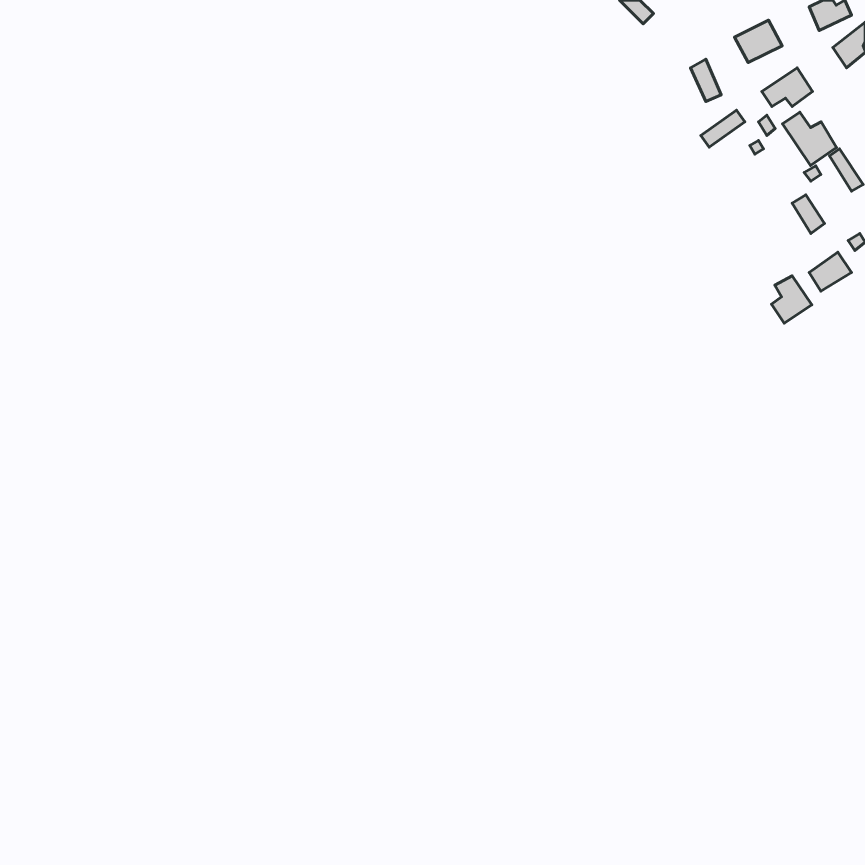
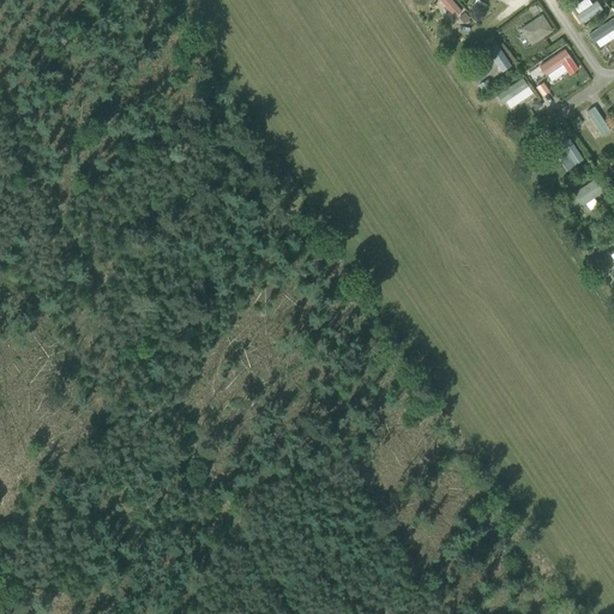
building: [782,112,837,166] -> none
building: [772,276,812,323] -> none

